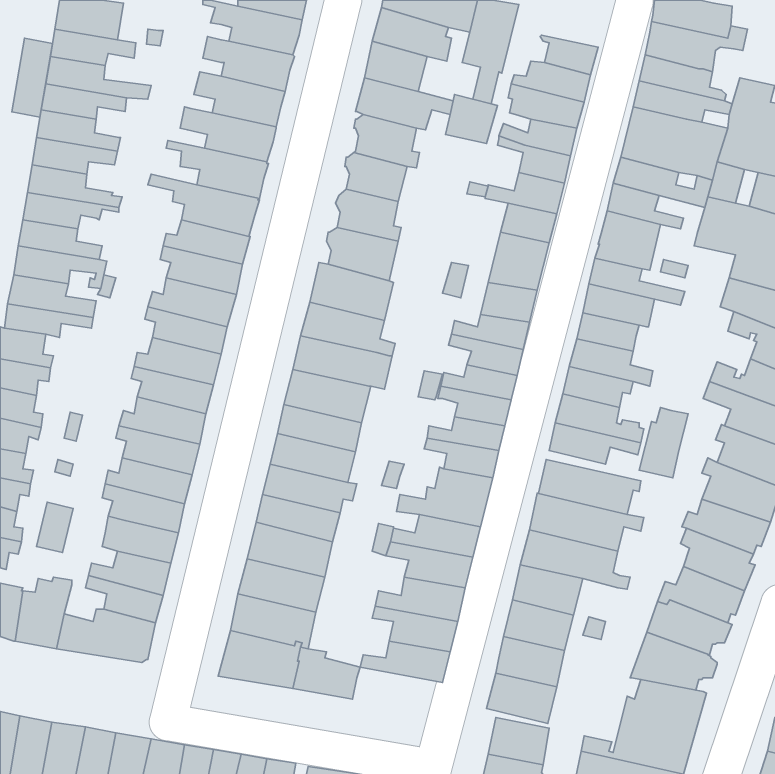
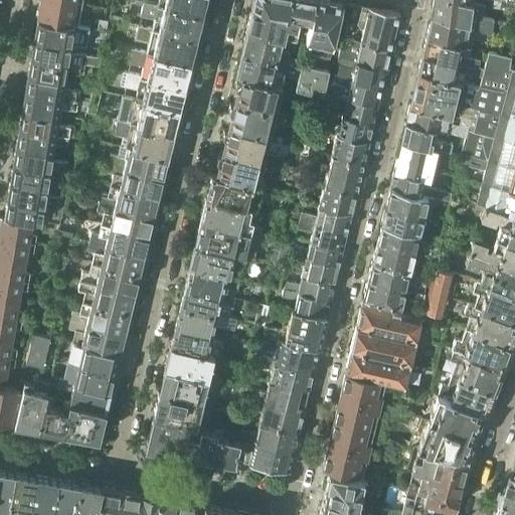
building: none -> [360,10,401,35]
building: [12,38,52,117] -> none
building: none -> [238,444,295,474]

